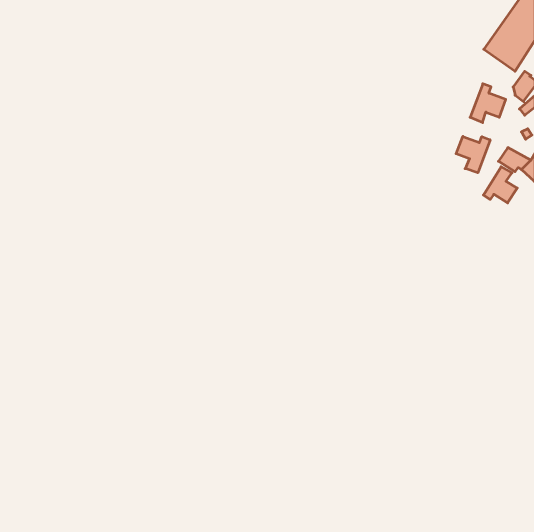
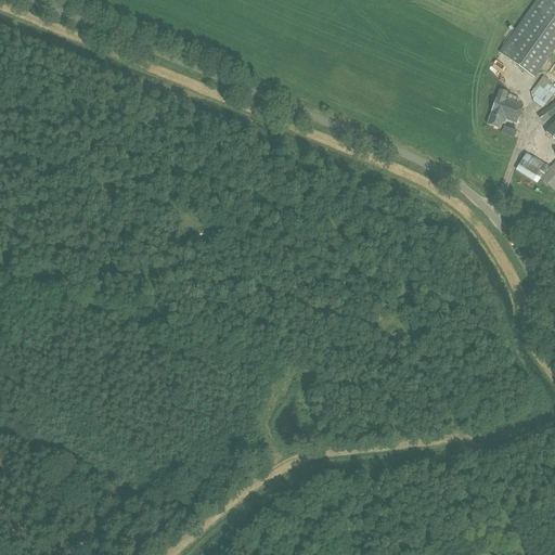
building: [456,136,490,173] -> none
building: [483,167,517,203] -> none

